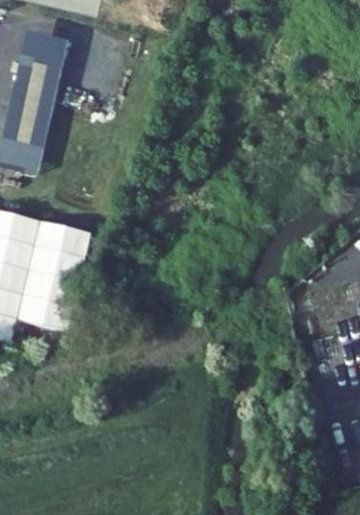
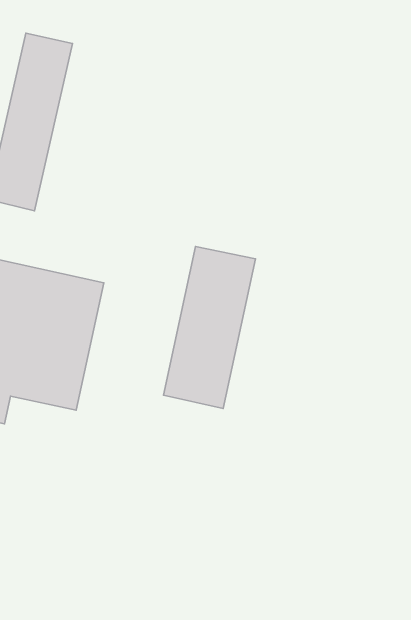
building: none -> [164,247,256,409]

